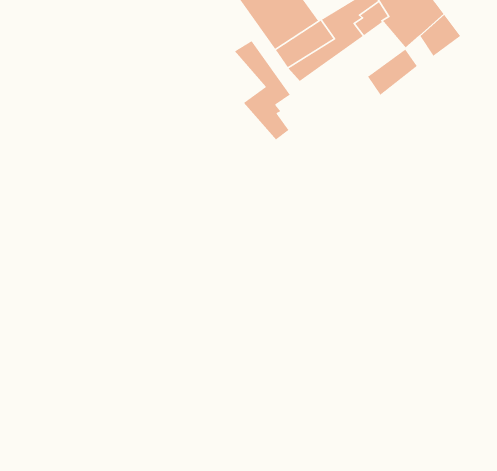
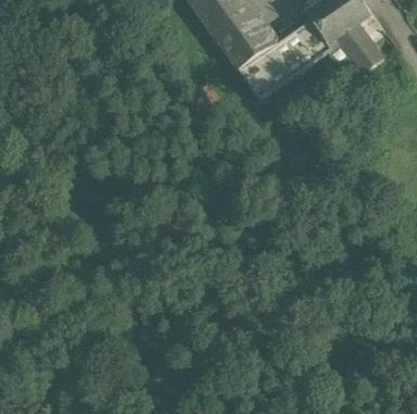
building: [234,40,291,140] -> none
building: [367,49,418,96] -> none

